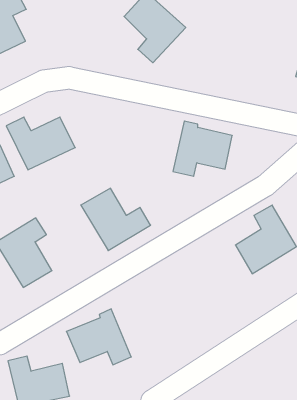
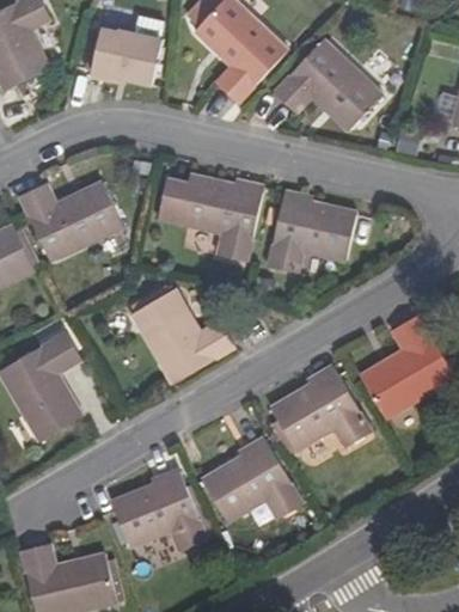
building: none -> [92,29,161,85]
building: none -> [274,38,379,127]
building: none -> [157,173,261,261]
building: none -> [273,366,373,451]
building: none -> [204,439,305,524]

